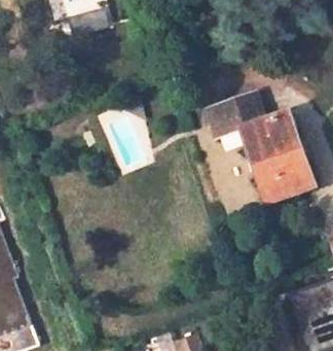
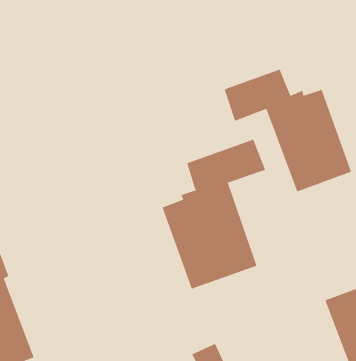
building: none -> [162,139,266,289]

